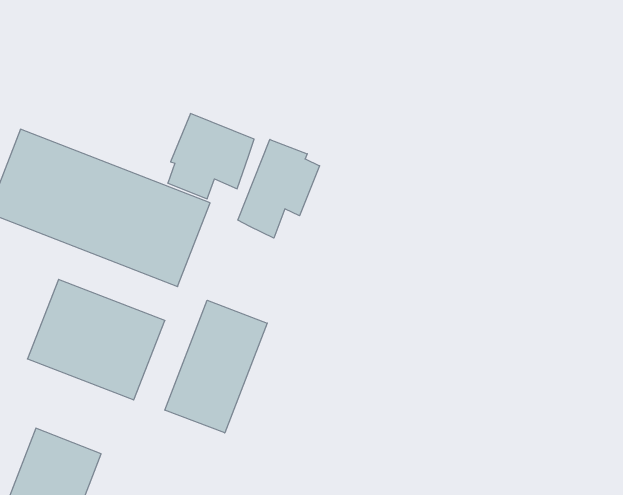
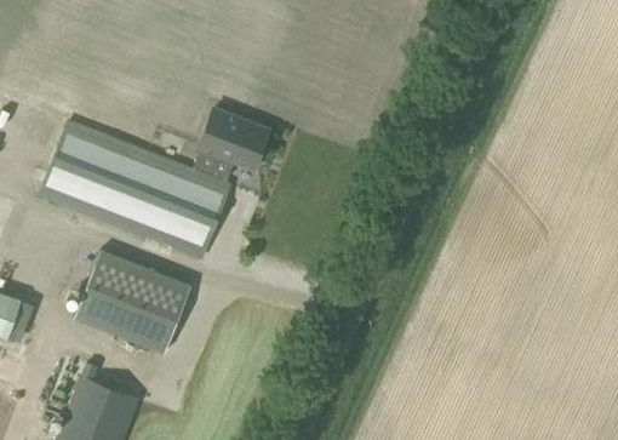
building: [238,139,320,238] -> none
building: [165,300,267,433] -> none

